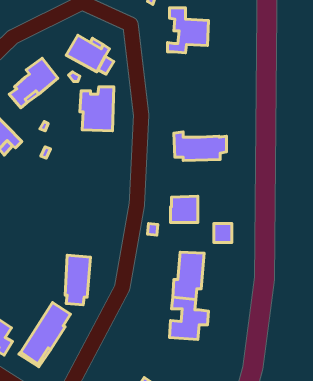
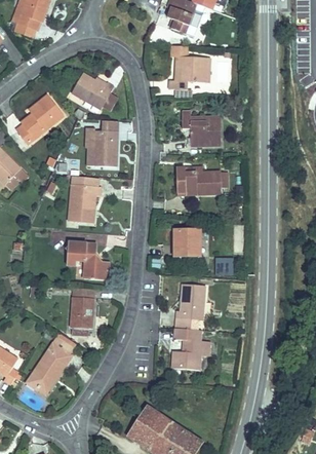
building: none -> [181,111,221,146]
building: none -> [68,176,101,222]
building: none -> [64,242,108,279]

